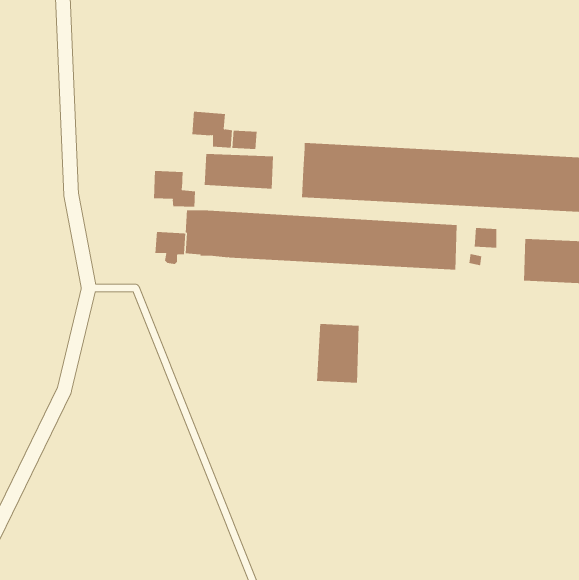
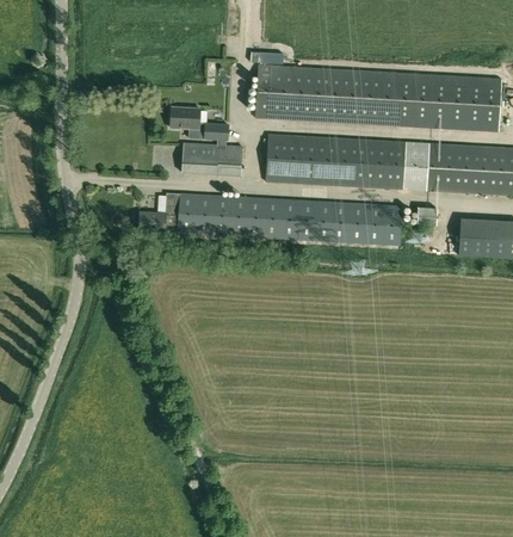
building: none -> [255,64,502,131]
building: [154,170,196,208] -> none
building: [316,323,359,384] -> none

